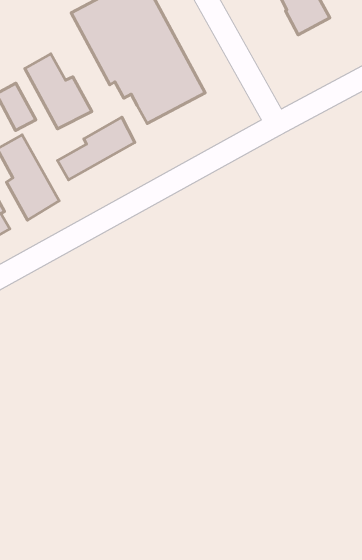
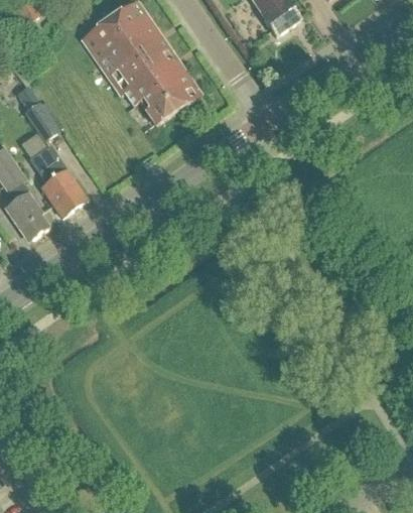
building: [25,54,92,129] -> none
building: [57,117,135,180] -> none

